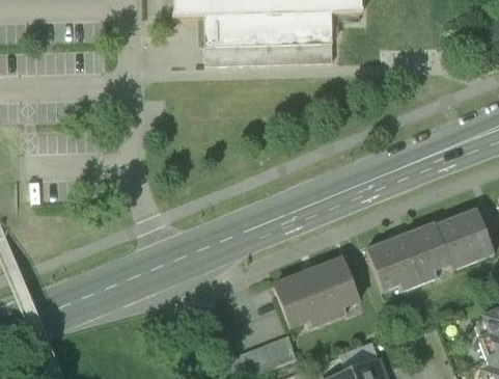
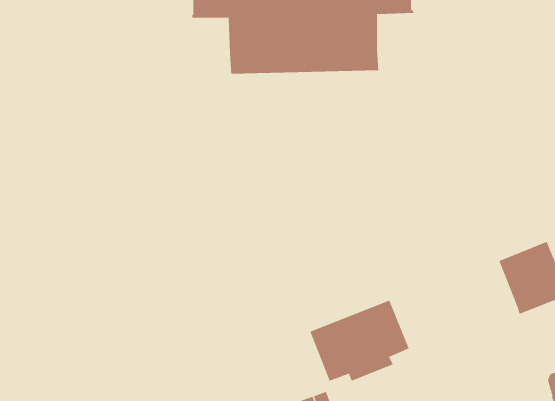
building: [365,221,450,290] -> none

